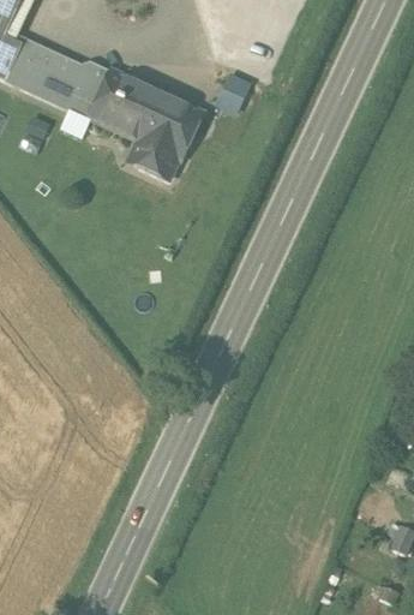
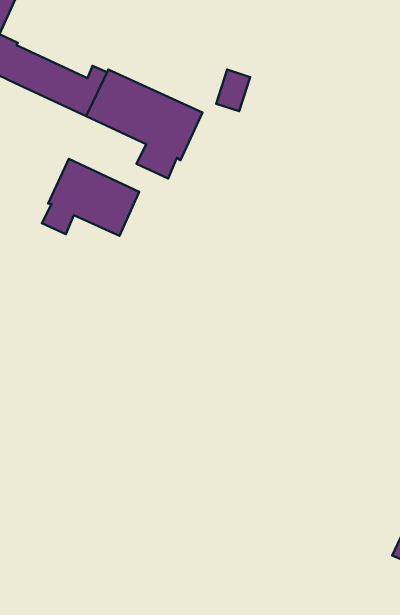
building: none -> [42,159,139,236]

